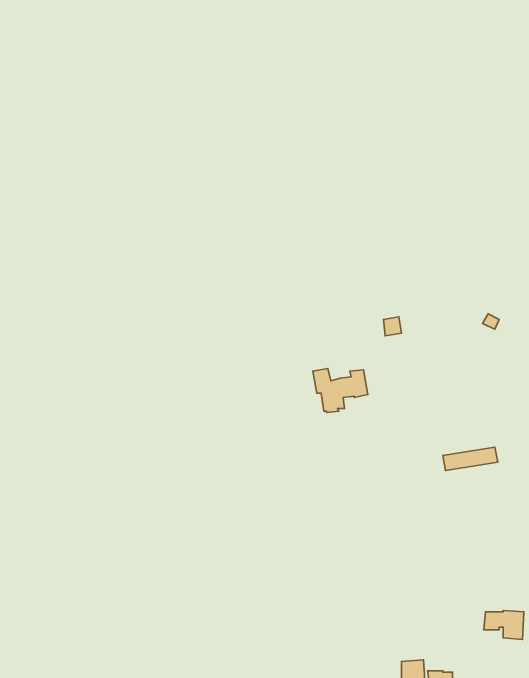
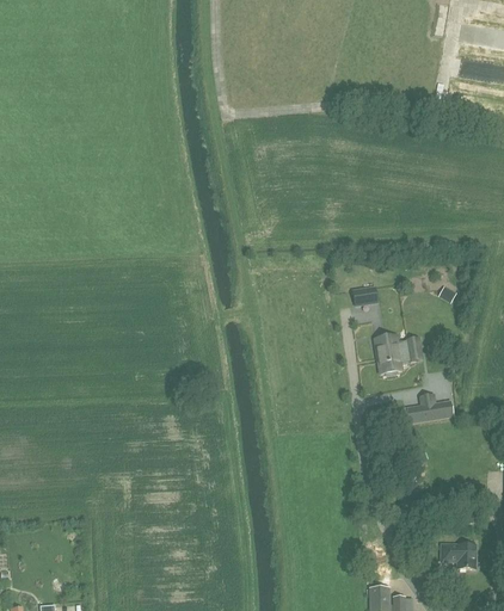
building: [313,369,368,413] -> [373,335,420,374]

